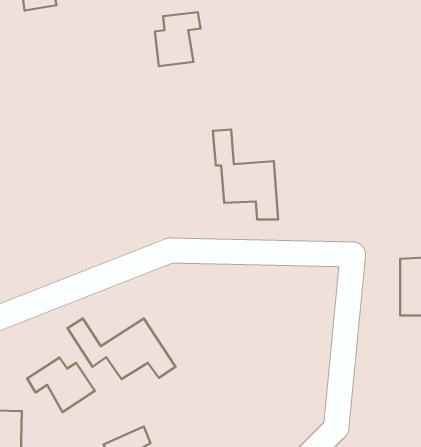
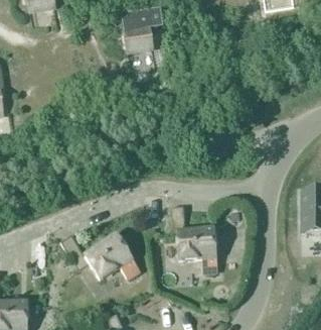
building: [213,129,278,220] -> [171,206,218,271]
building: [27,357,95,412] -> none

